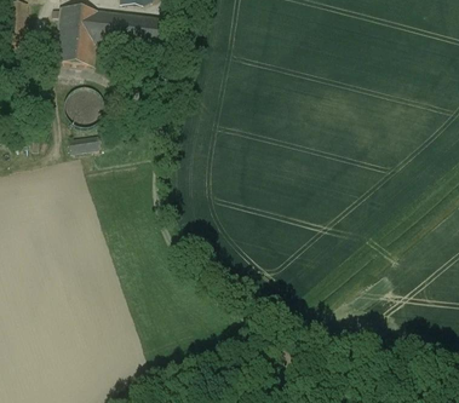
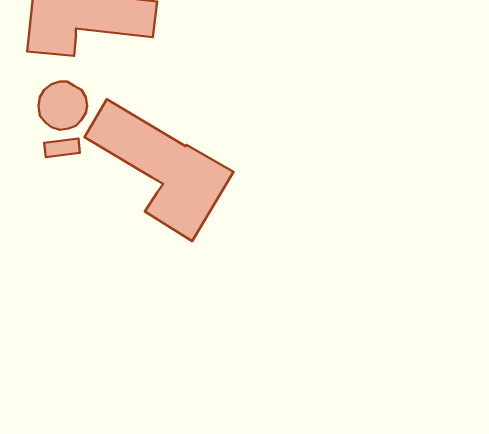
building: none -> [85,99,234,241]

